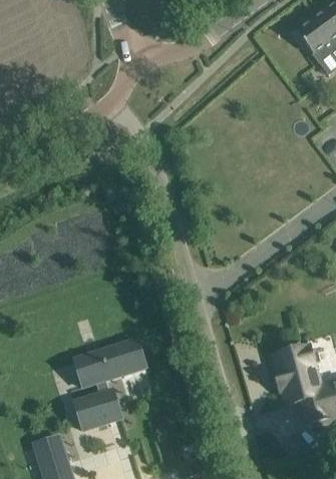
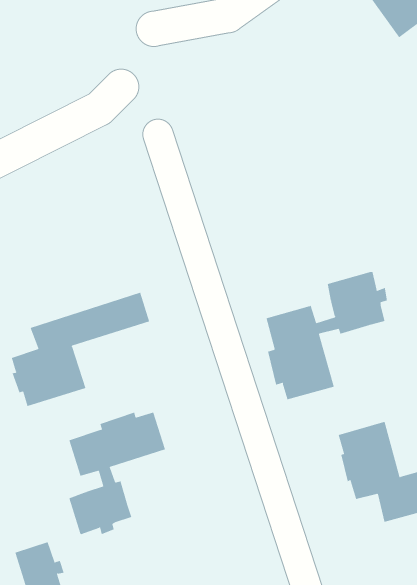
building: none -> [266,271,388,400]
building: none -> [11,292,150,407]

